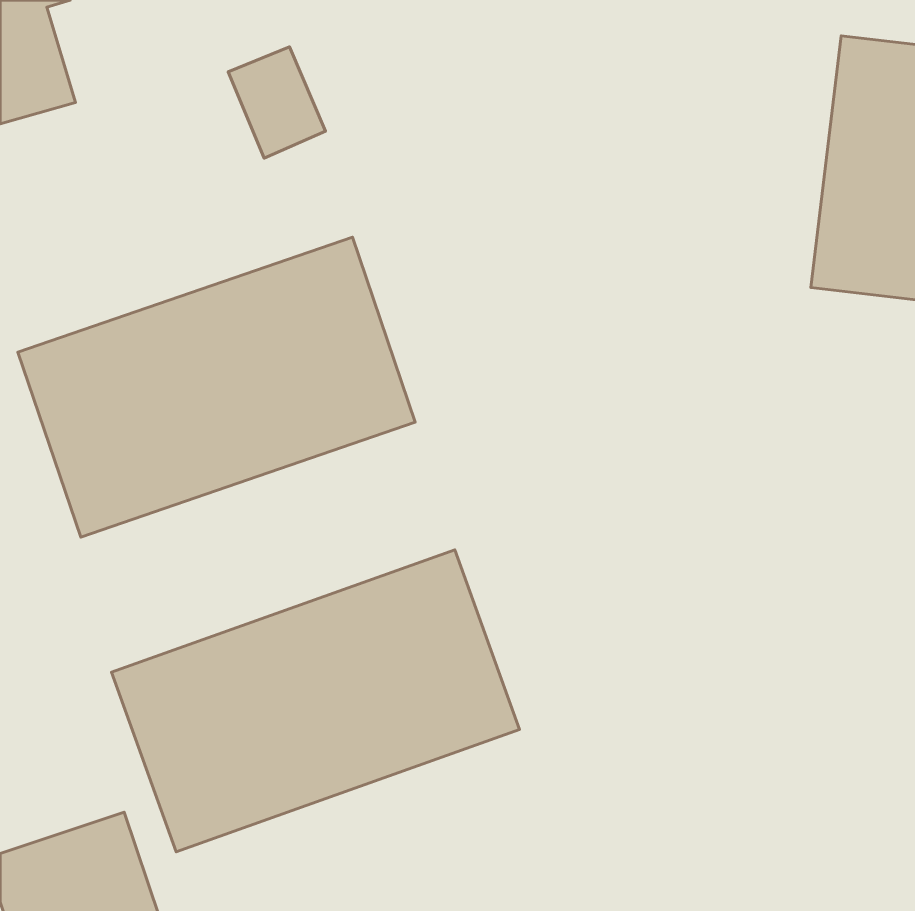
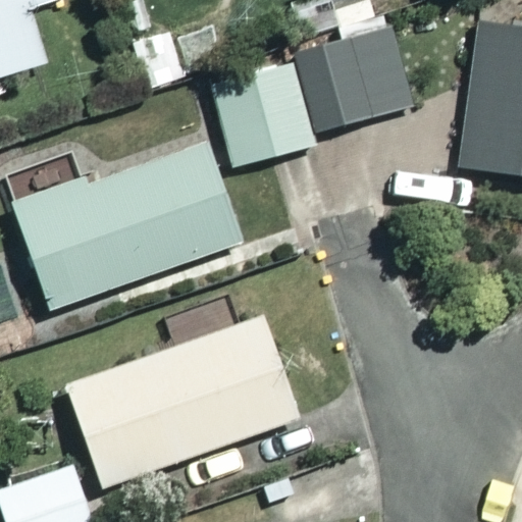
building: none -> [209,29,414,168]

